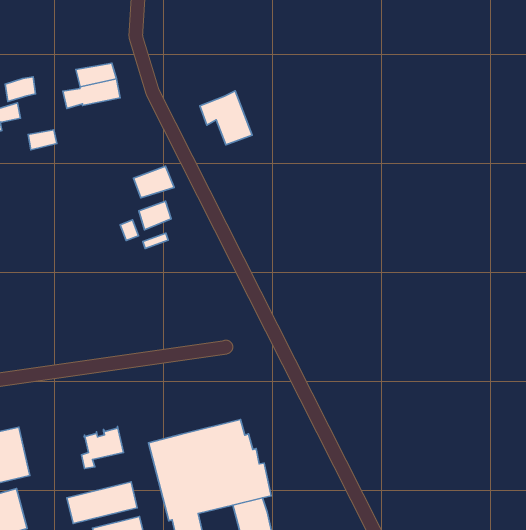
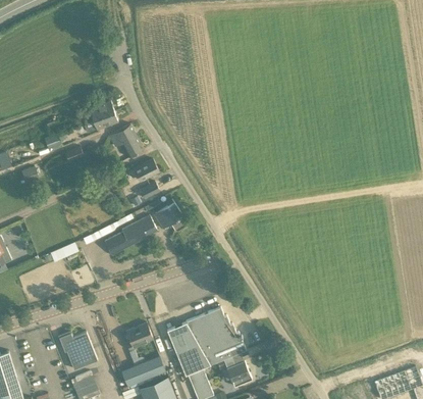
building: [200,91,252,145] -> [109,123,144,157]
building: none -> [154,202,187,231]
building: none -> [104,214,158,255]

